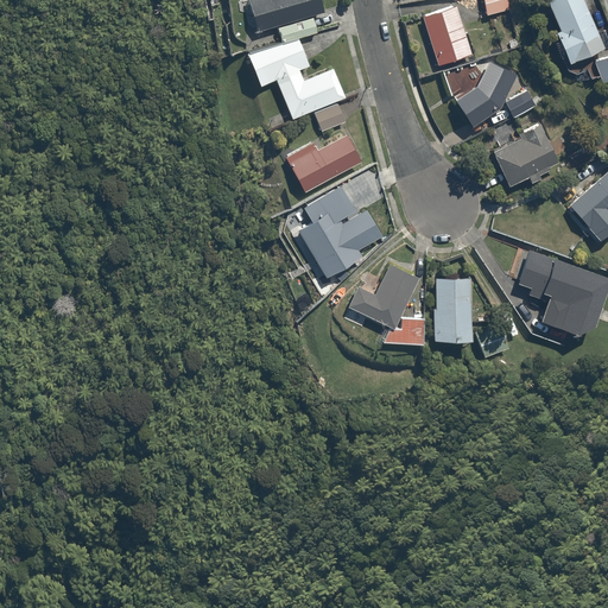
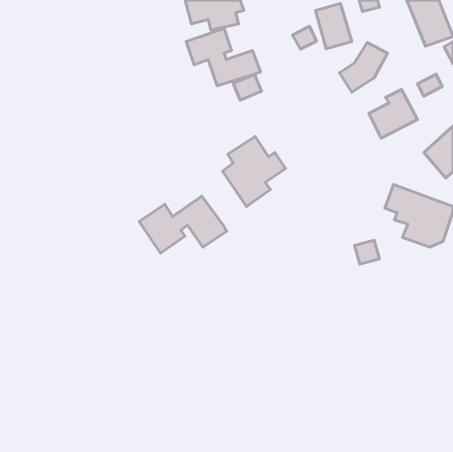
building: [443,63,475,94] -> [293,26,317,49]
building: [505,88,538,118] -> [417,74,442,96]
building: [285,134,362,190] -> none
building: [348,260,425,344] -> none
building: none -> [139,196,227,253]
building: [432,279,471,342] -> none

